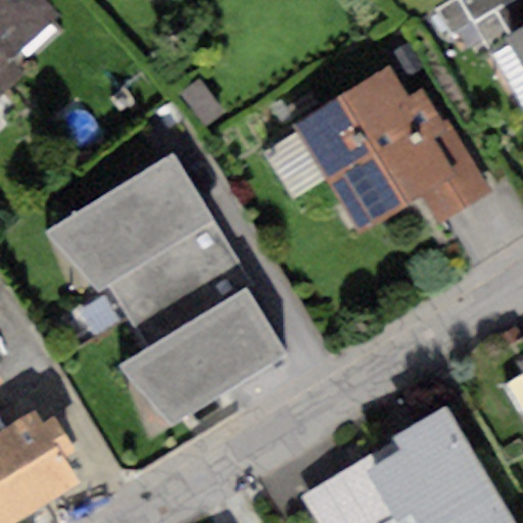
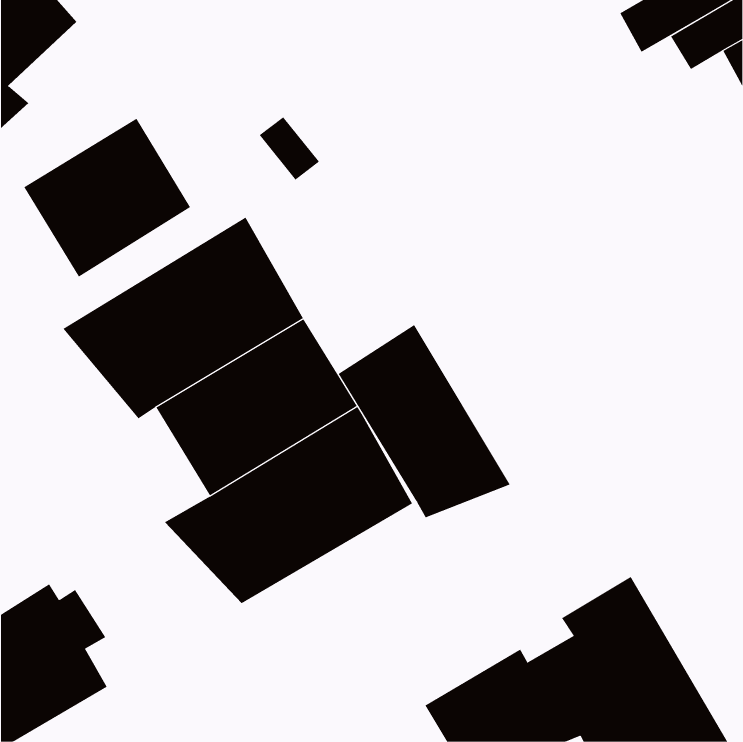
building: [289,66,492,239] -> none
building: none -> [24,118,191,277]
building: none -> [338,324,511,518]

